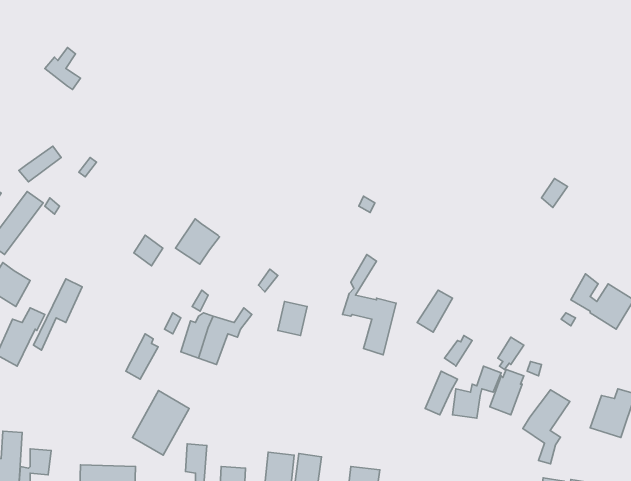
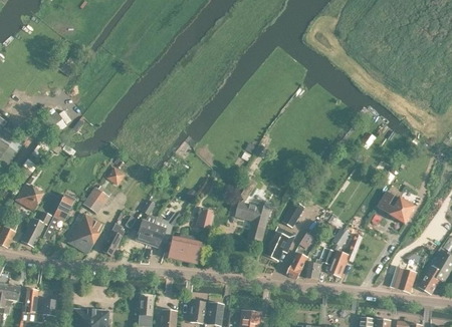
building: [176,219,219,264] -> [82,186,109,214]
building: none -> [264,232,288,262]
building: none -> [167,234,201,262]
building: [523,390,570,464] -> none
building: [132,391,189,455] -> [68,214,103,254]

